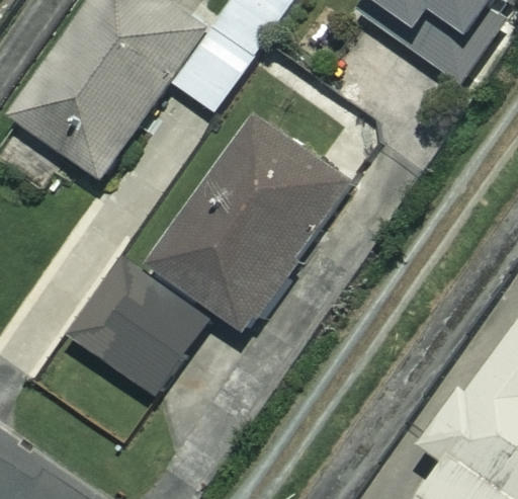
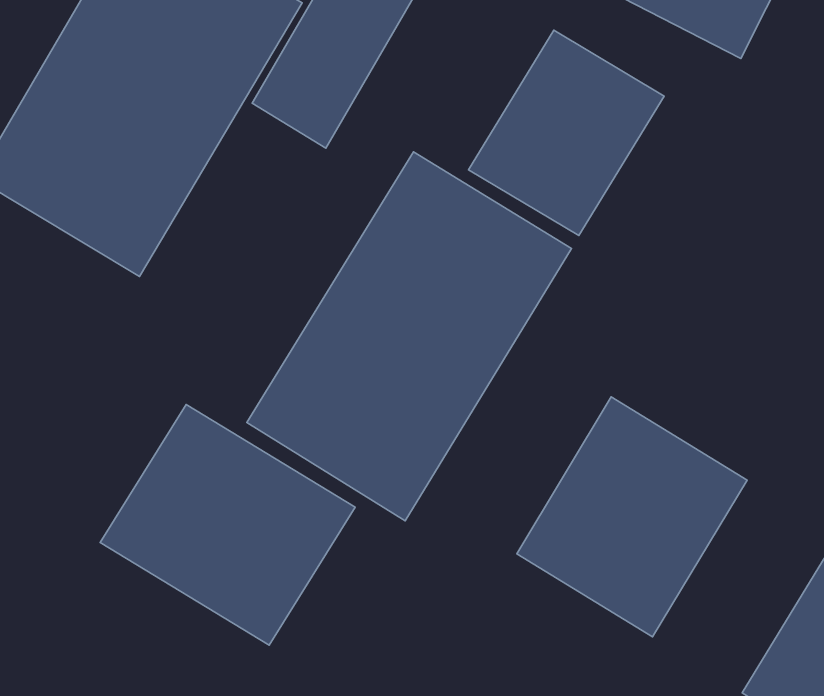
building: none -> [469,30,664,236]
building: none -> [517,397,747,637]

